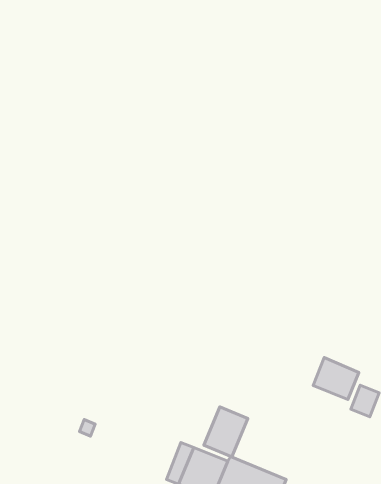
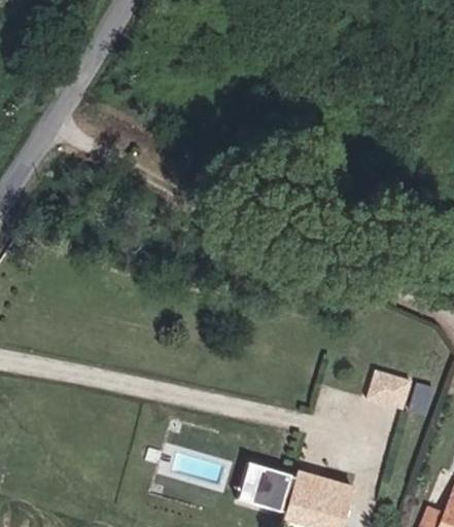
building: [204,407,248,457] -> none

